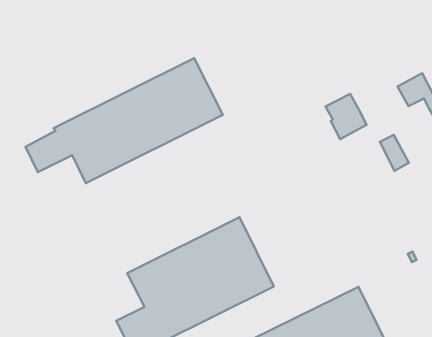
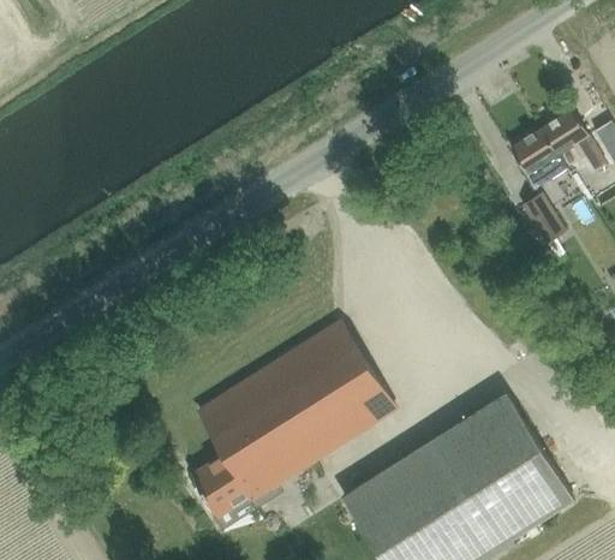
building: [25,58,223,183] -> none
building: [326,94,366,139] -> [508,129,565,190]

